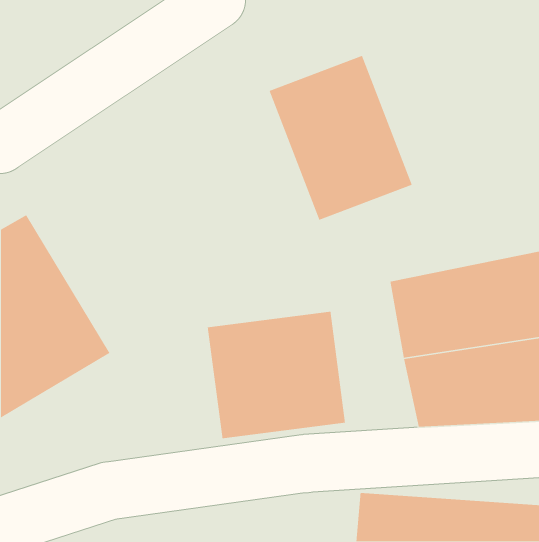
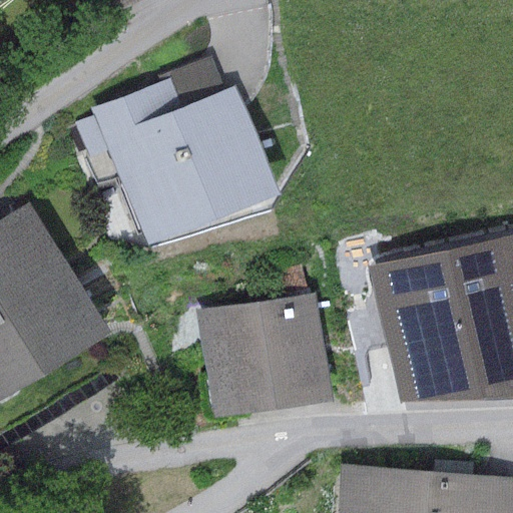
building: [269,55,413,221] -> none
building: none -> [78,77,277,243]

